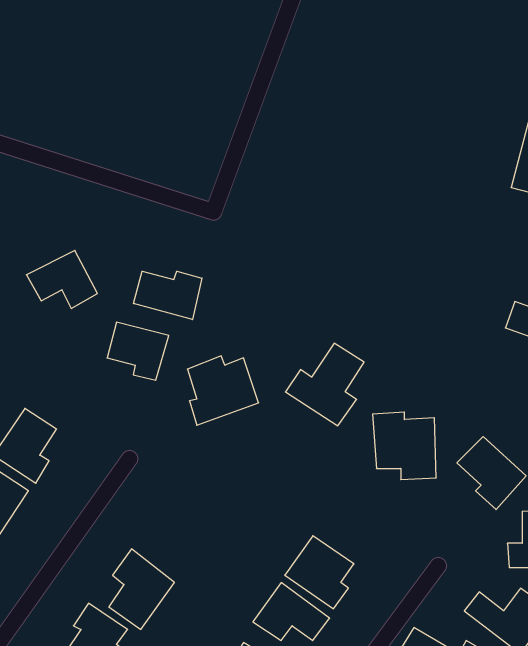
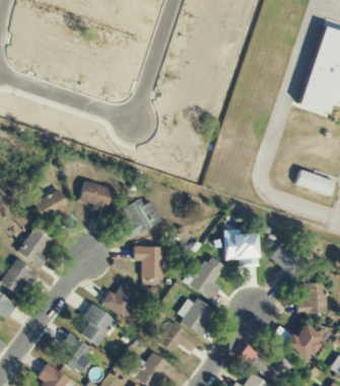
building: [26,250,97,308] -> [33,189,72,220]
building: [134,271,202,320] -> none
building: [285,343,364,426] -> [183,255,225,300]
building: none -> [133,246,163,278]
building: none -> [101,281,140,318]

